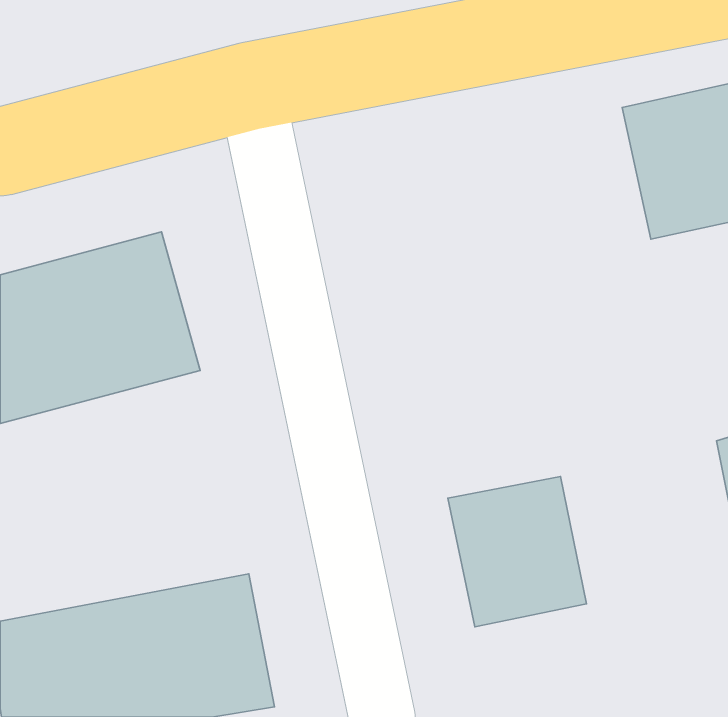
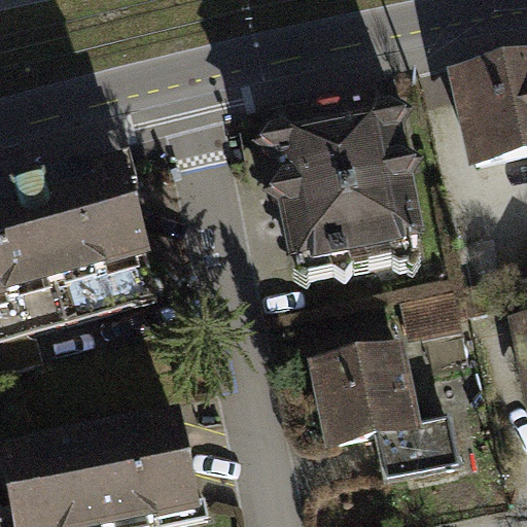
building: none -> [260,96,420,275]

